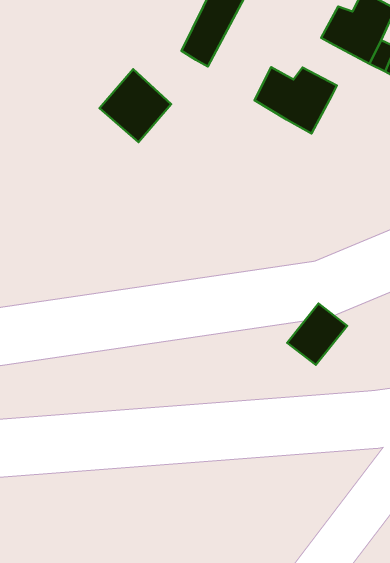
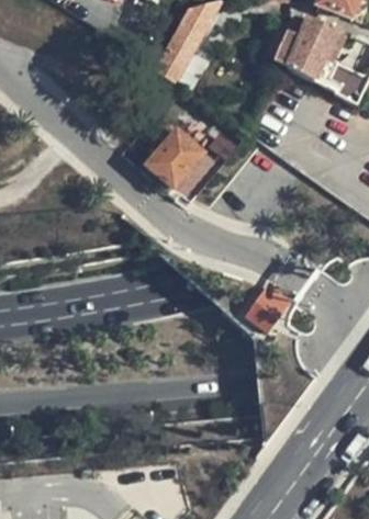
building: [255,67,337,134] -> none
building: [99,69,171,142] -> [143,123,203,184]

